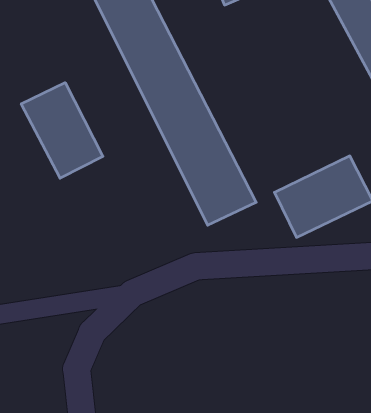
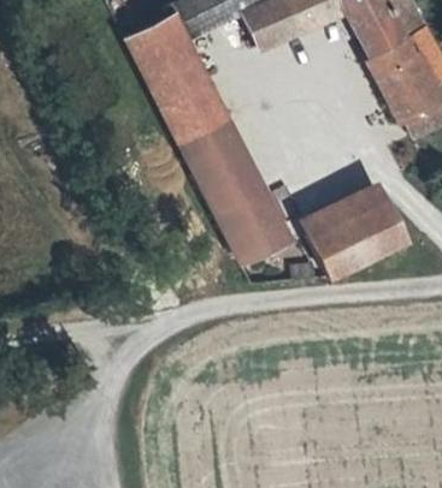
building: [21,83,103,178] -> none

